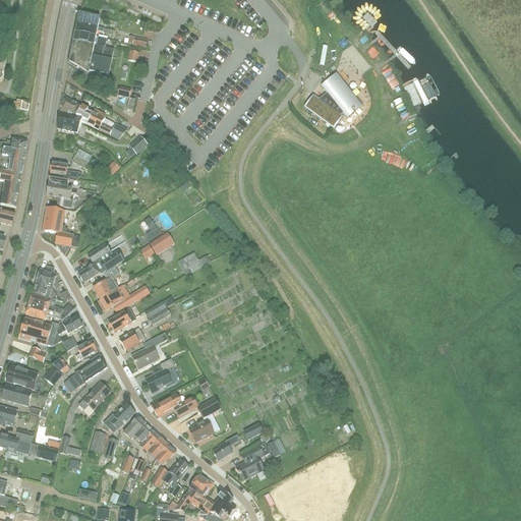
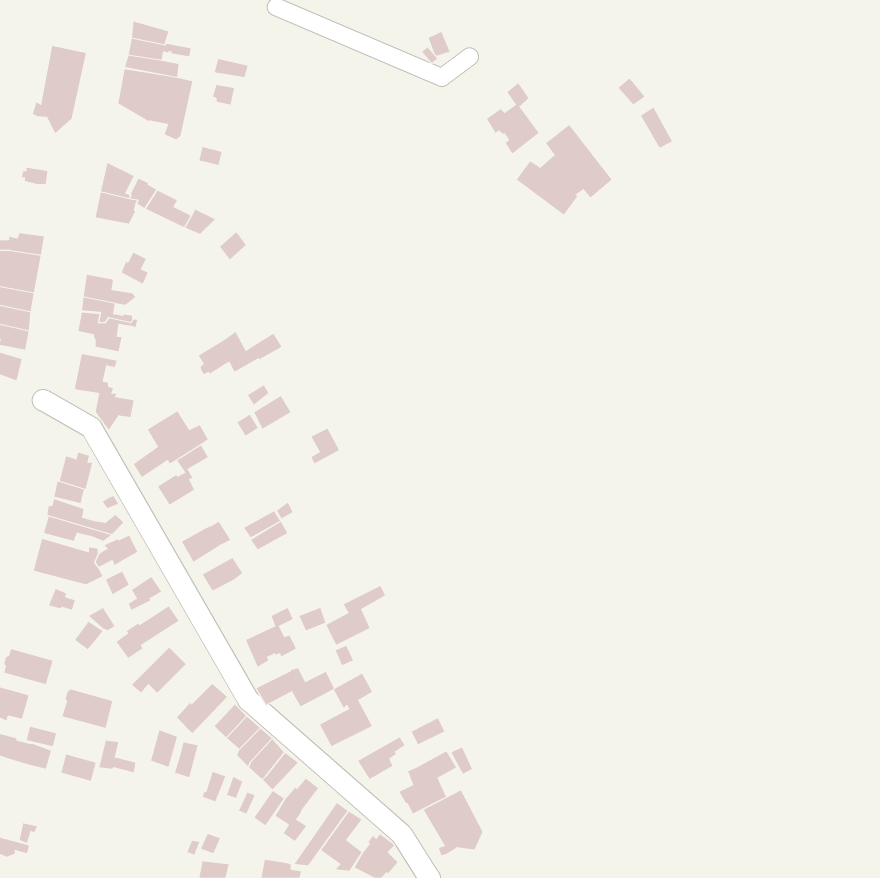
building: none -> [32,45,87,134]
building: none -> [486,82,539,155]
building: [100,284,150,309] -> [198,331,282,374]
building: [131,333,167,368] -> [326,585,386,645]
building: [7,365,38,389] -> [61,689,113,728]
building: none -> [423,789,483,856]

